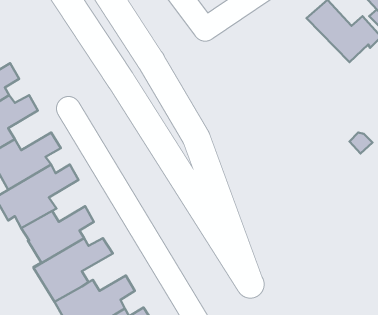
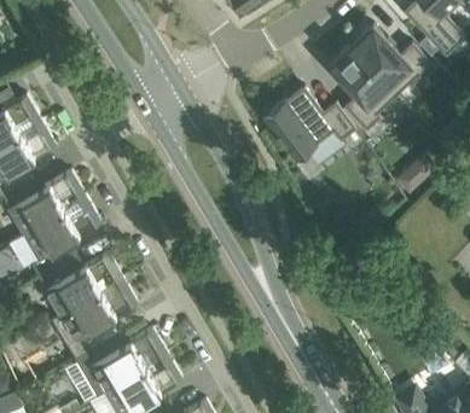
building: none -> [329,46,398,129]
building: none -> [265,88,355,167]

